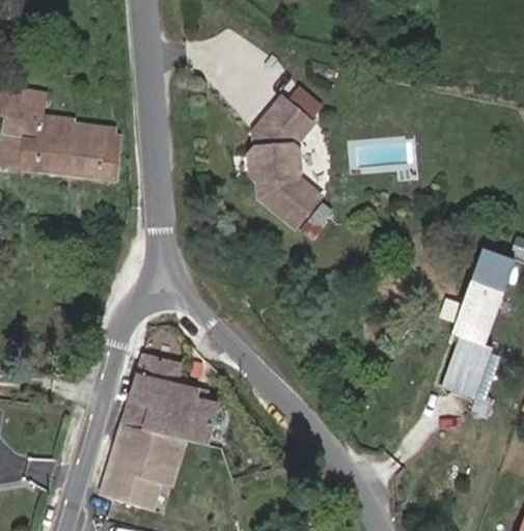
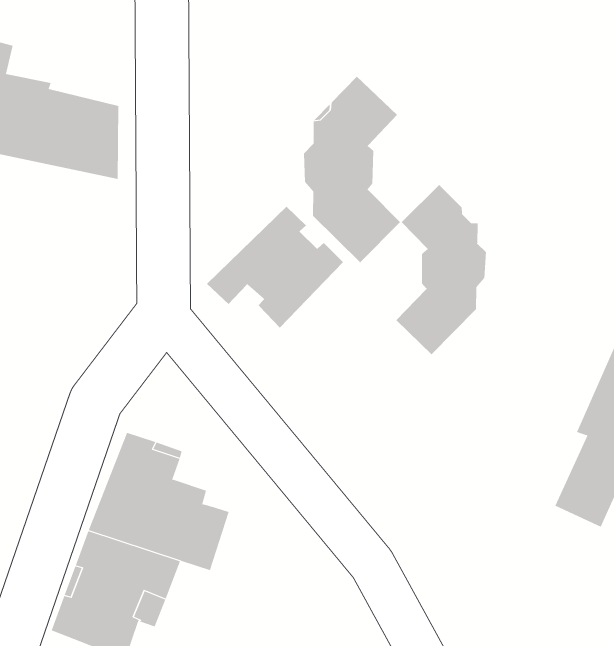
building: none -> [395,184,486,355]
building: none -> [206,206,344,329]

